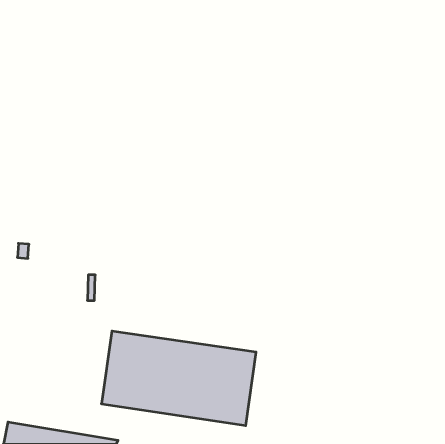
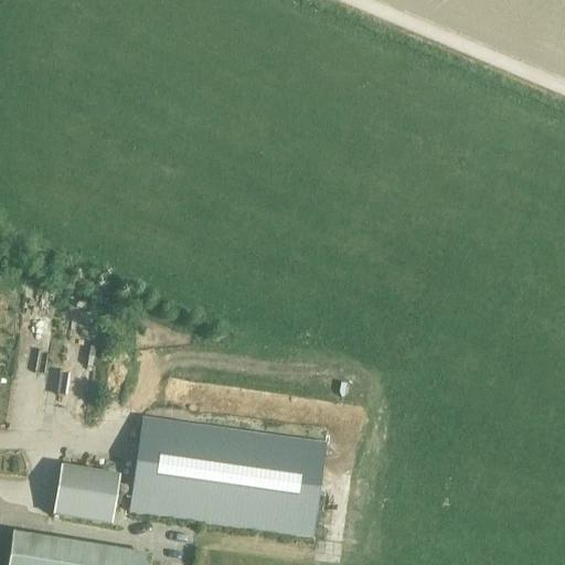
building: none -> [54,466,119,523]

